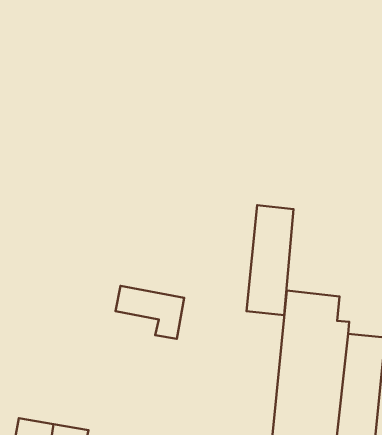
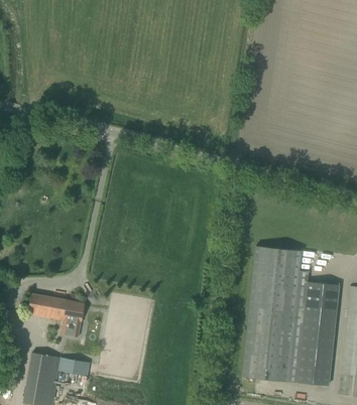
building: [247,205,294,315] -> none
building: [116,286,184,339] -> [27,292,85,336]

